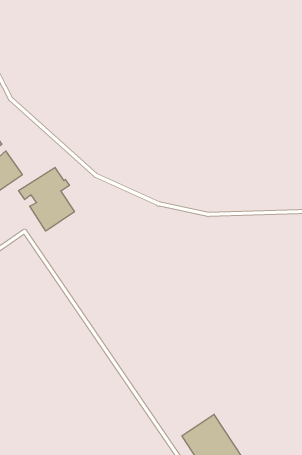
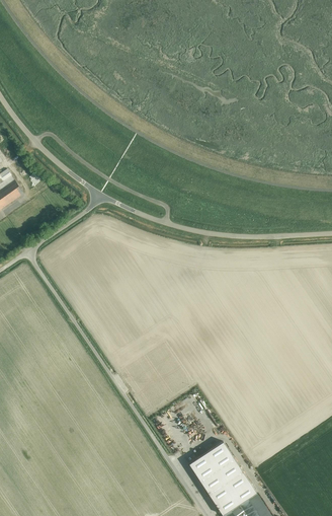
building: [19,167,74,231] -> none

